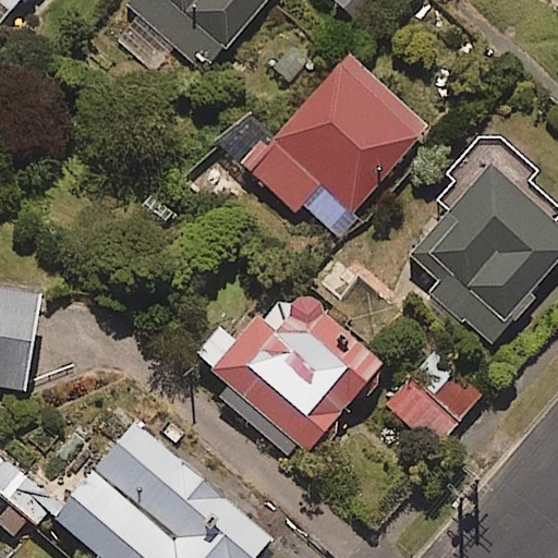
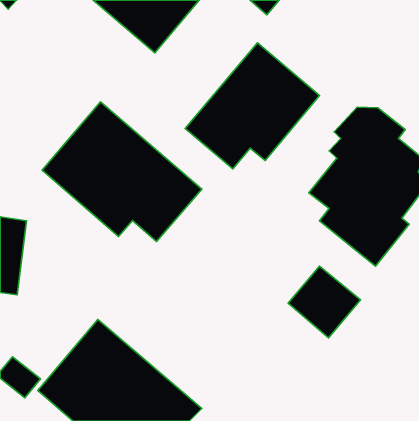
building: none -> [42,102,202,241]
building: [192,282,380,461] -> none

